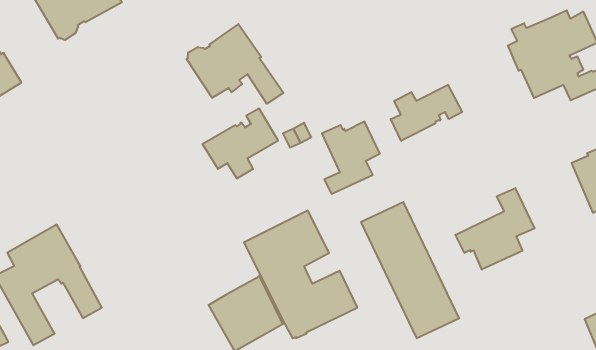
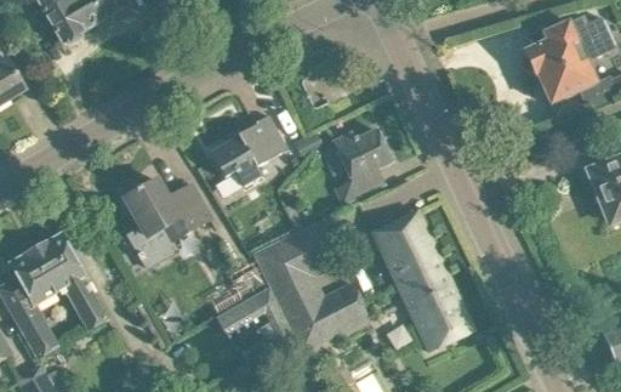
building: [187,24,283,104] -> none
building: [391,85,462,141] -> none
building: none -> [125,178,210,266]
building: [455,188,535,270] -> none

